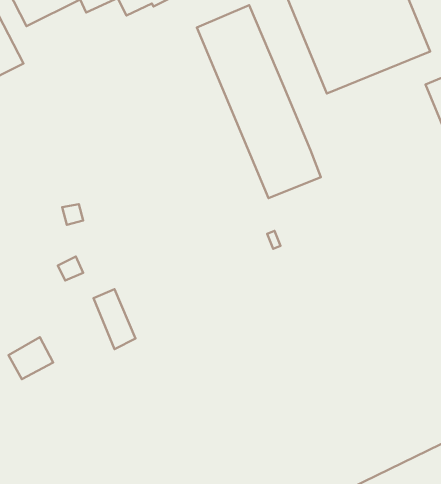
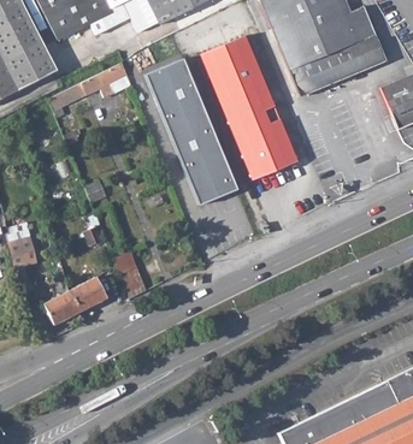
building: none -> [144,58,237,205]
building: none -> [51,64,129,111]
building: none -> [71,278,107,310]

